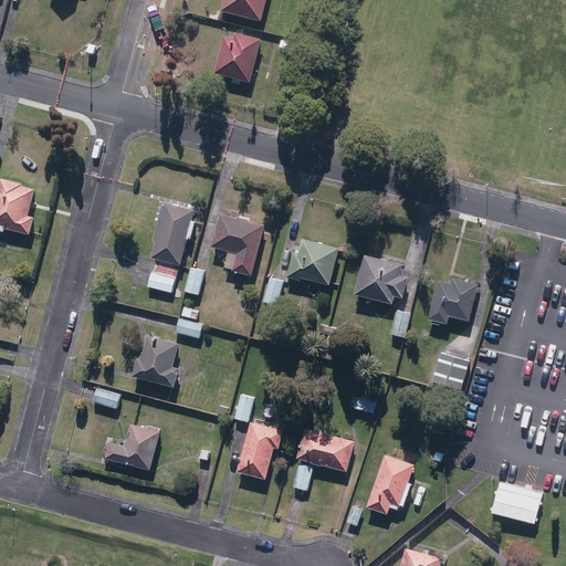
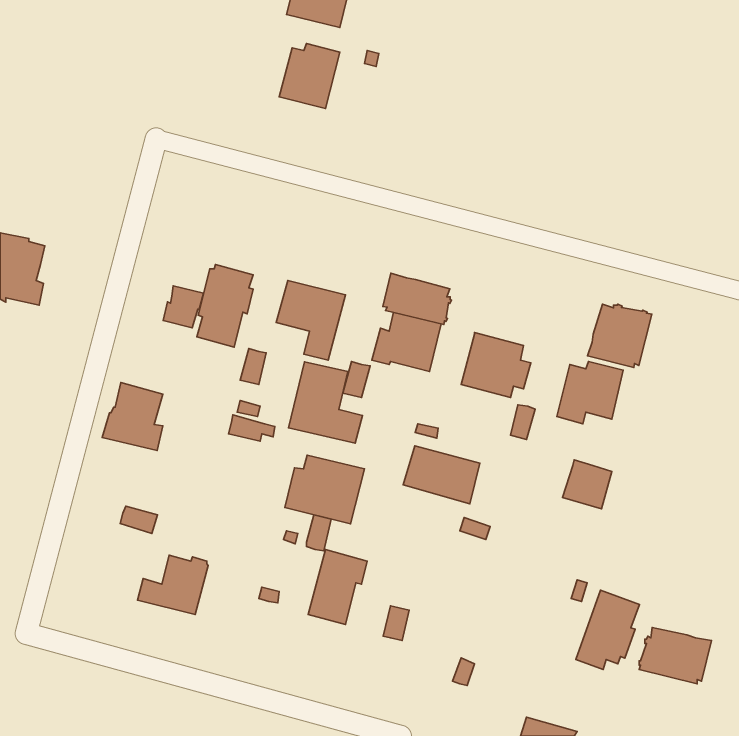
building: none -> [383,273,452,325]
building: none -> [587,304,652,367]
building: [148,260,179,292] -> [163,286,204,328]
building: none -> [288,362,362,443]
building: [132,335,178,387] -> [102,383,163,451]
building: none -> [285,455,365,524]
building: [294,428,353,472] -> [403,446,480,504]
building: [365,452,413,513] -> [576,590,639,670]

